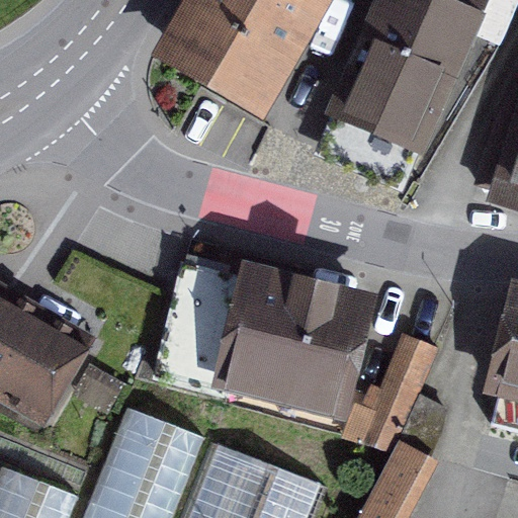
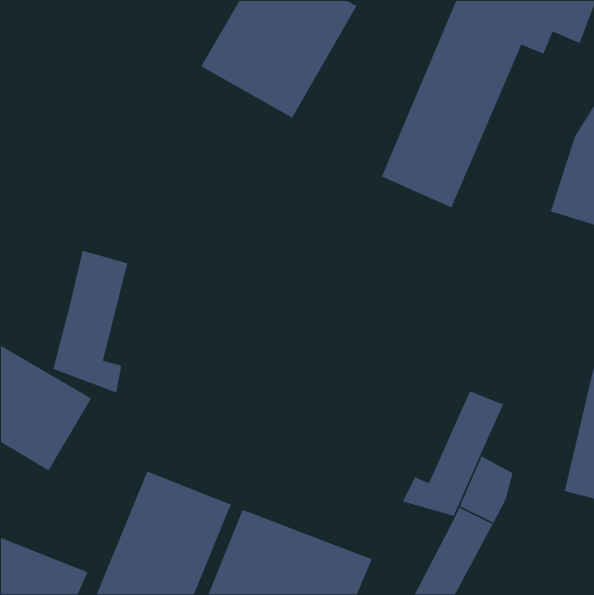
building: none -> [52,250,128,393]
building: [159,268,360,397] -> none

